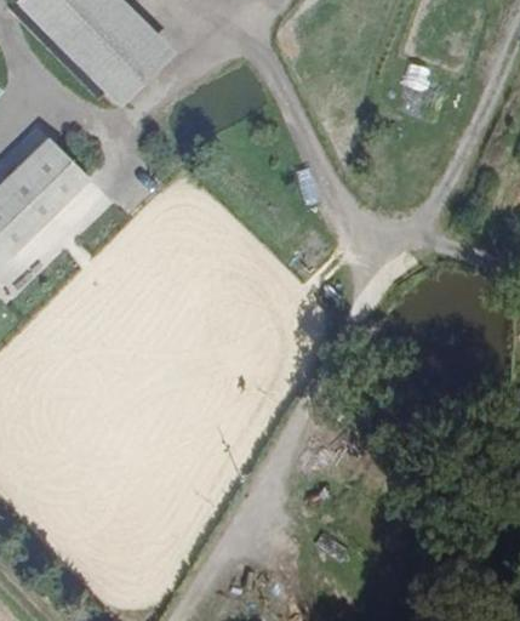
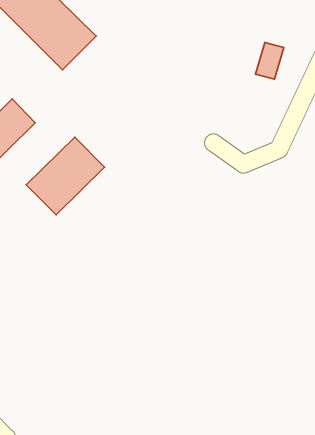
building: none -> [26,137,105,215]

